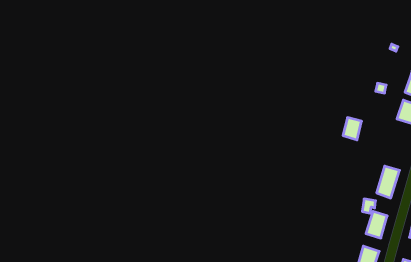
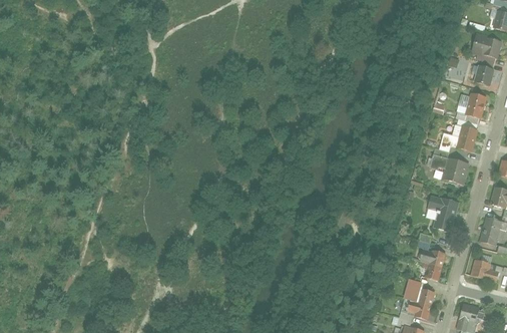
building: [343,118,362,140] -> [445,160,466,186]

